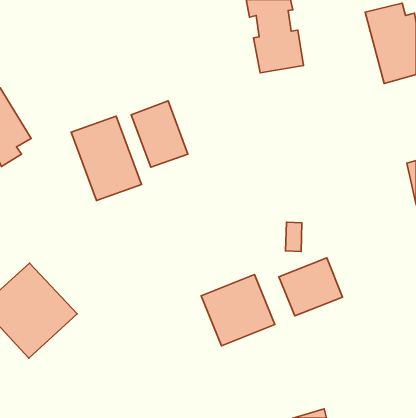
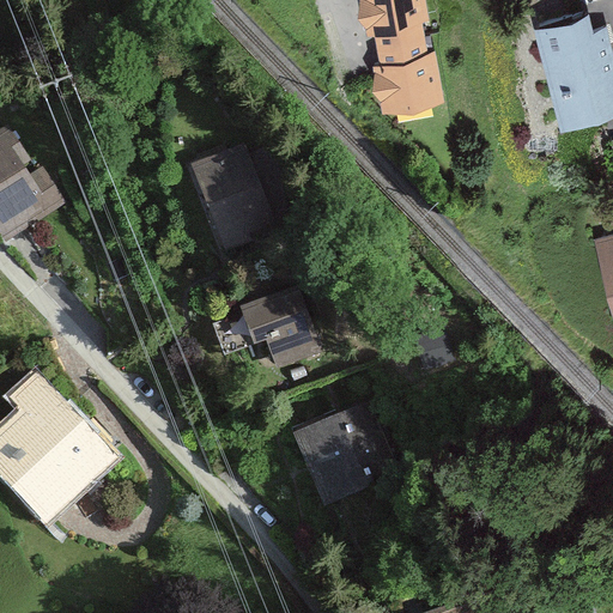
building: [71,116,142,201] -> none
building: none -> [241,287,315,358]
building: [279,258,342,316] -> none

